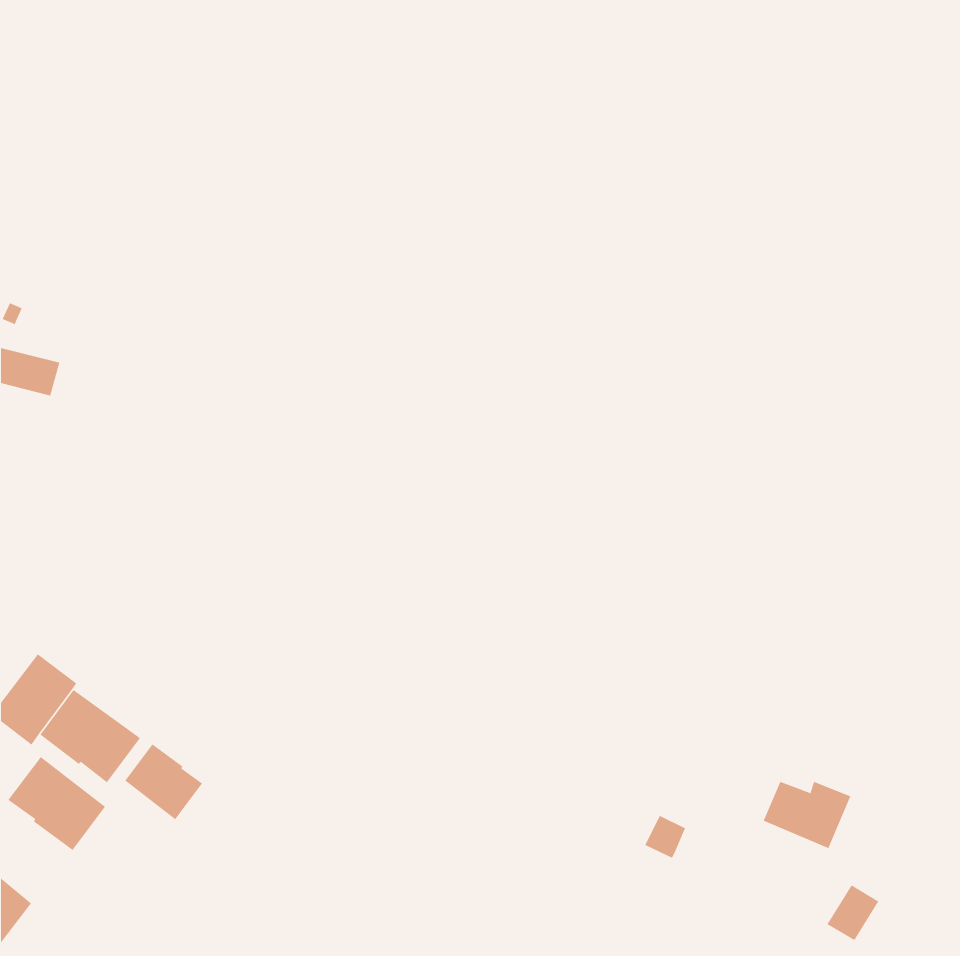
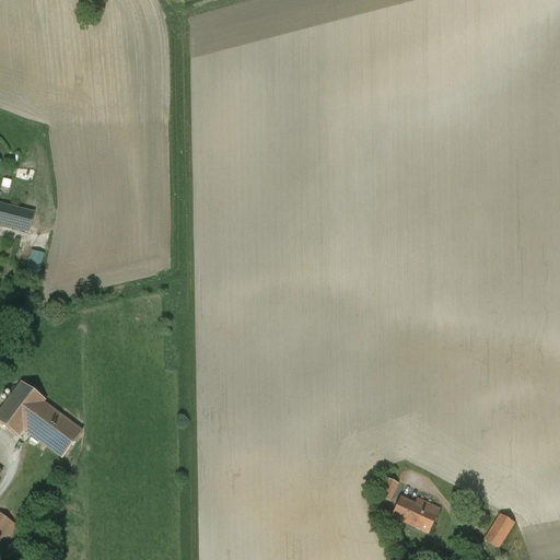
building: [124,744,203,820] -> none
building: [8,756,106,851] -> none
building: [763,781,851,849] -> [389,493,441,533]

